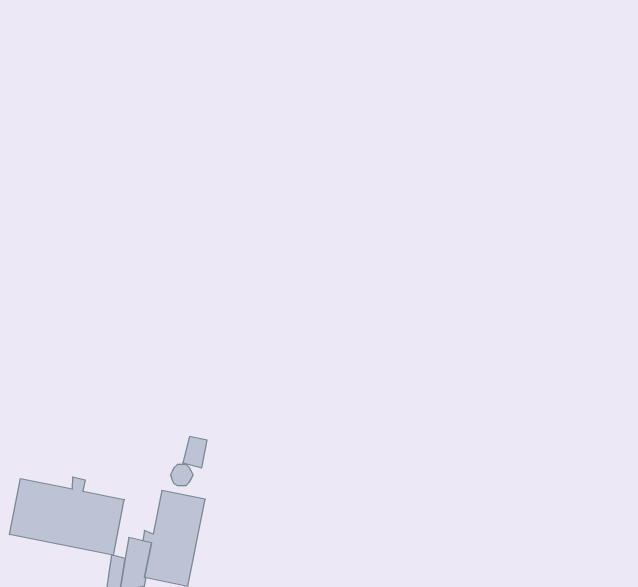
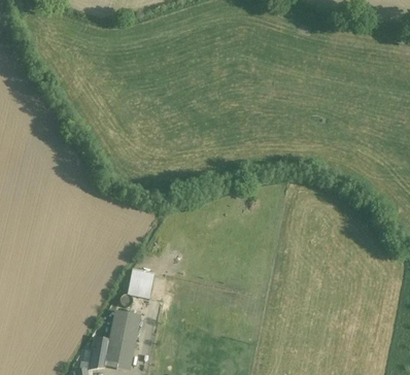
building: [9,477,124,555] -> none

